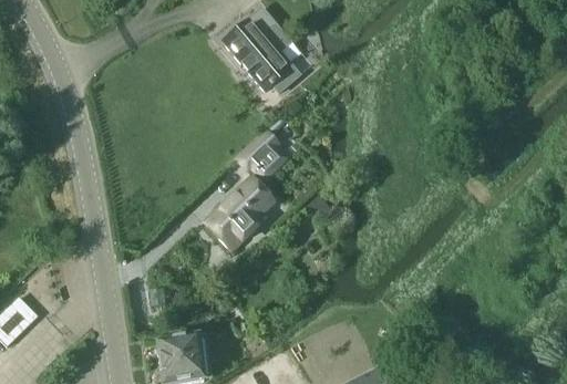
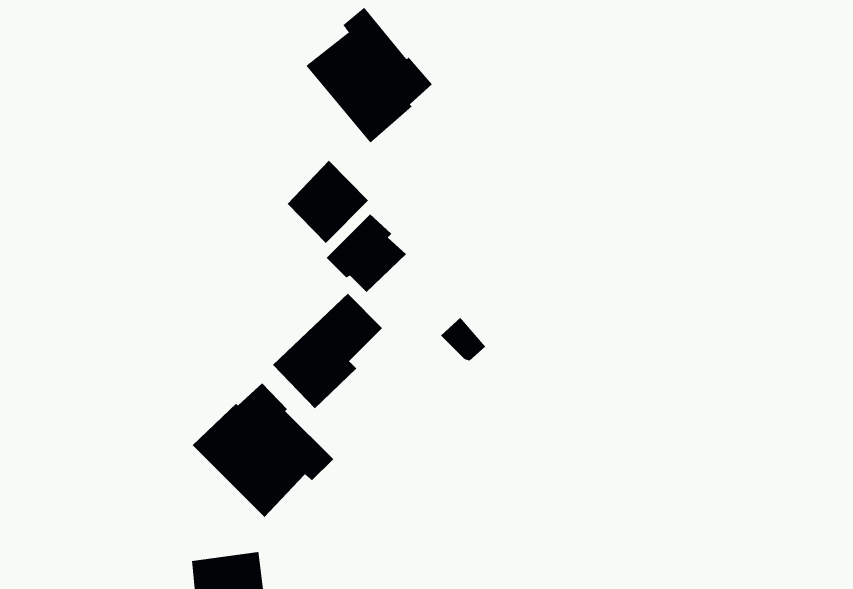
building: none -> [287,160,369,244]
building: none -> [192,383,334,518]

